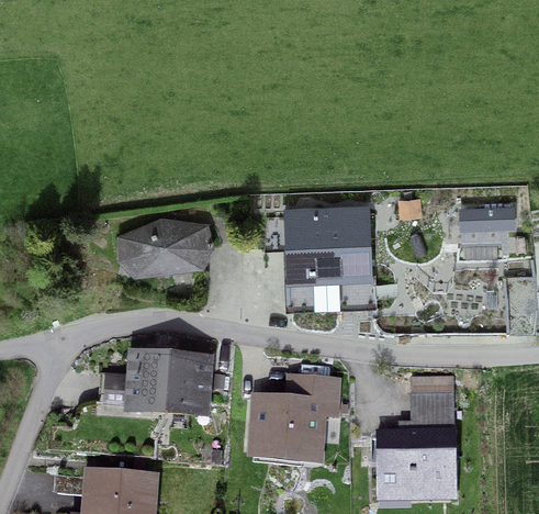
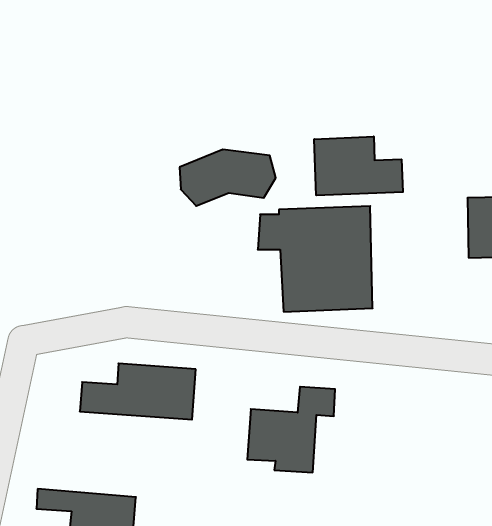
building: none -> [314,136,403,195]
building: [122,221,212,273] -> [180,150,276,206]
building: [379,378,456,492] -> none

